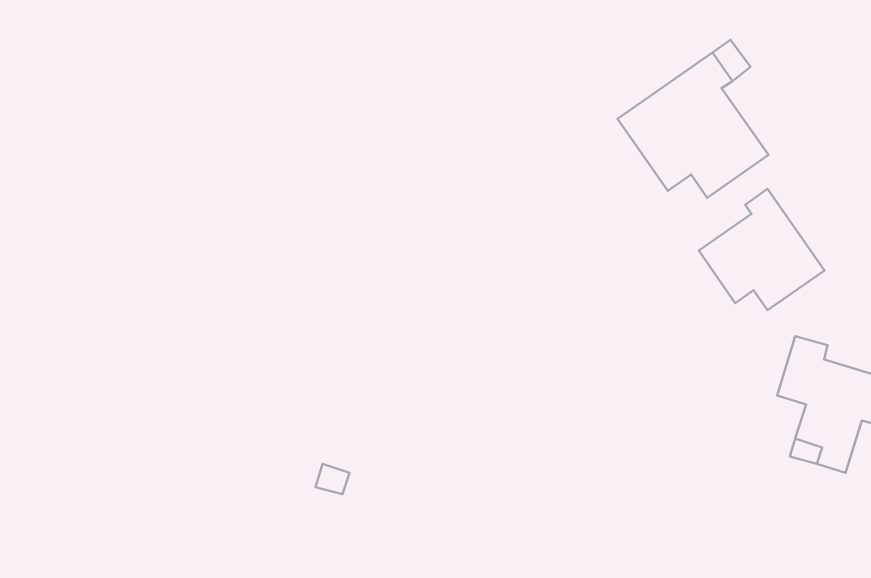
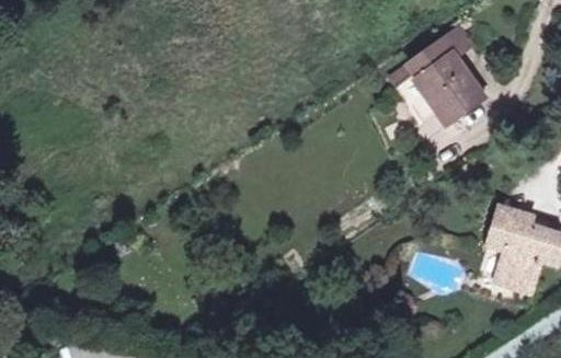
building: [699,189,825,310] -> none

